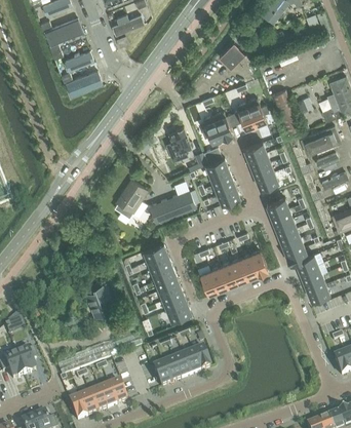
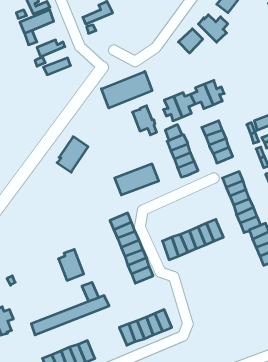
building: none -> [198,15,228,42]
building: none -> [101,71,152,108]
building: [113,178,147,217] -> [57,137,88,172]

